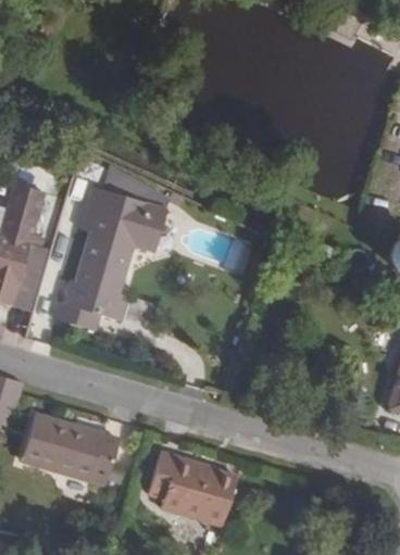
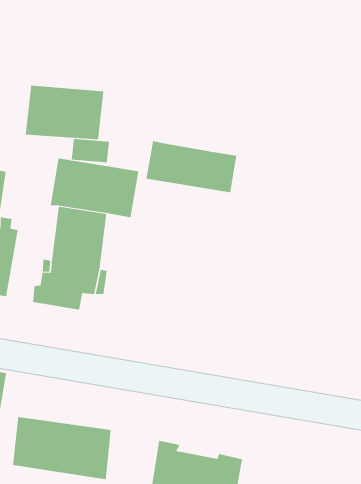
building: none -> [25,85,104,140]
building: none -> [146,140,237,193]

